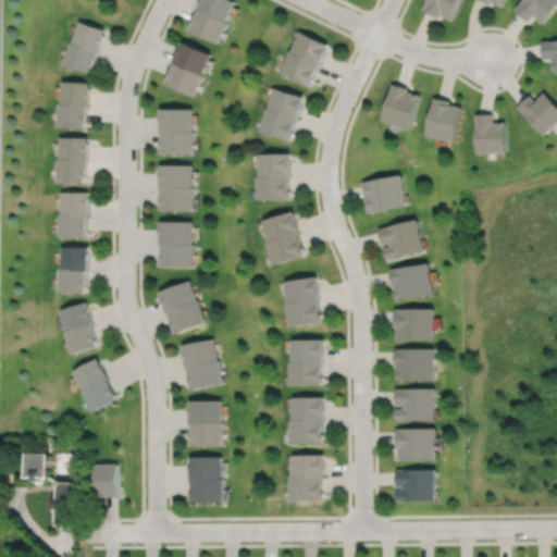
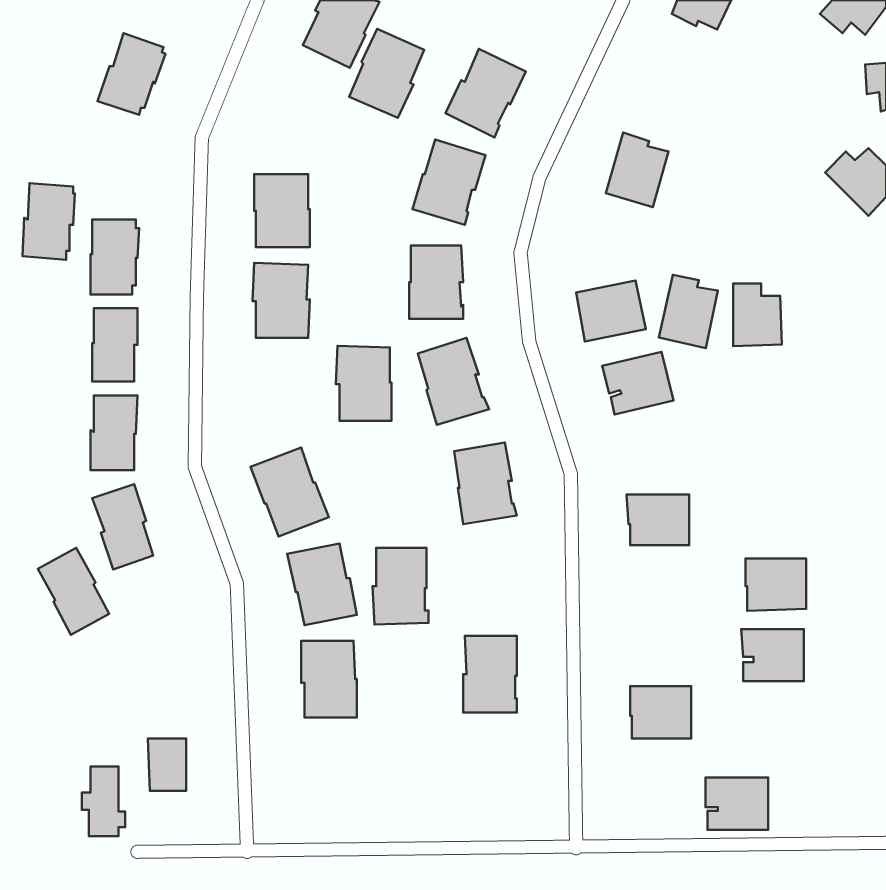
building: [164,40,211,96] -> [349,29,424,118]
building: [55,81,88,128] -> [23,183,75,260]
building: [423,97,460,143] -> [659,275,718,348]
building: [474,114,505,153] -> [733,284,782,346]
building: [158,221,193,268] -> [336,346,392,421]
building: [387,263,430,300] -> none
building: [288,339,323,387] -> [373,548,428,625]
building: [393,349,431,382] -> [745,558,806,611]
building: [71,359,115,413] -> [38,548,109,635]
building: [393,389,432,422] -> [741,629,804,681]
building: [22,450,46,478] -> none
building: [289,455,324,504] -> none
building: [189,457,224,505] -> none
building: [394,470,433,503] -> [706,778,768,830]

